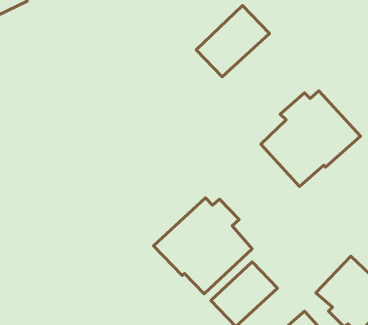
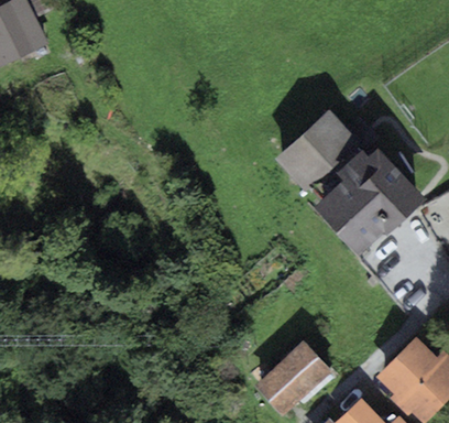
building: [196,5,269,77] -> [275,109,359,191]
building: [154,198,252,294] -> none

